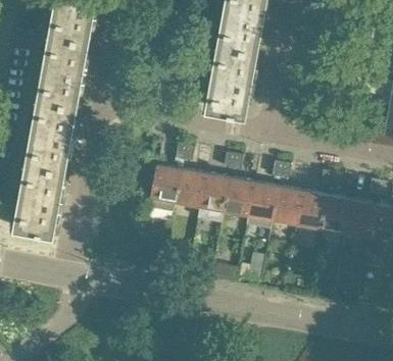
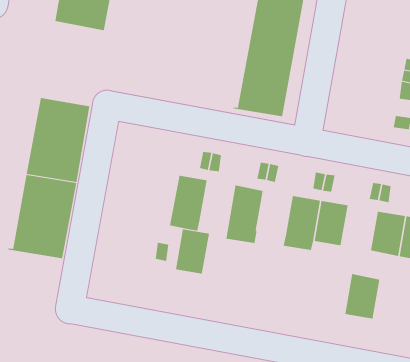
building: [37,34,92,106] -> none
building: [174,169,203,208] -> [175,229,210,274]
building: [222,178,252,216] -> none
building: [294,191,325,229] -> [344,274,380,319]

